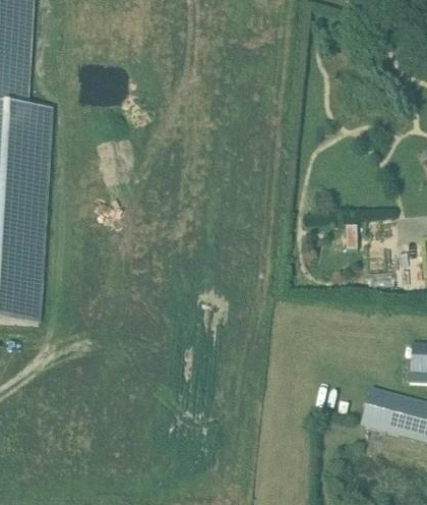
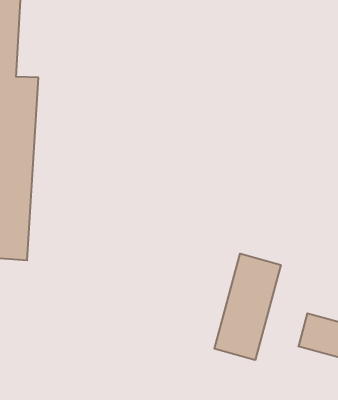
building: none -> [214,254,281,360]

